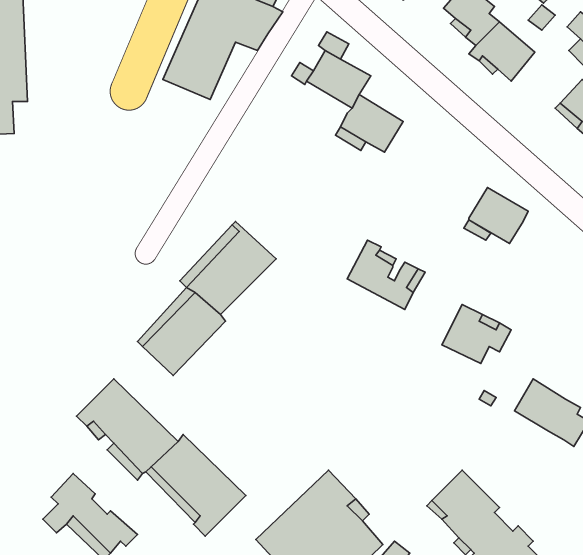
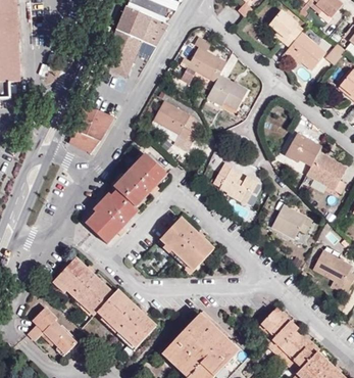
building: none -> [154,100,200,150]
building: none -> [68,105,115,154]
building: none -> [304,153,346,196]
building: none -> [154,208,210,266]

